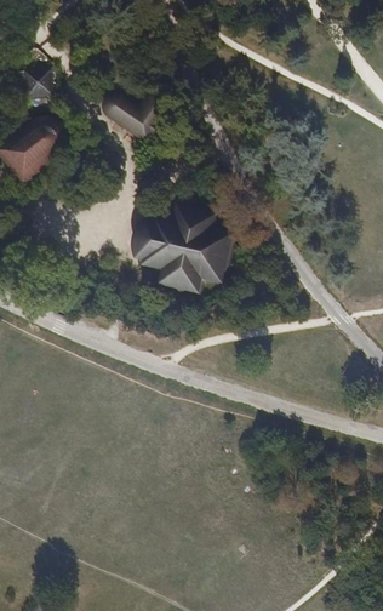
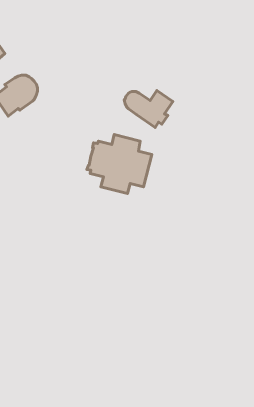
building: [23,70,51,98] -> none
building: [99,95,170,148] -> [124,91,173,127]

